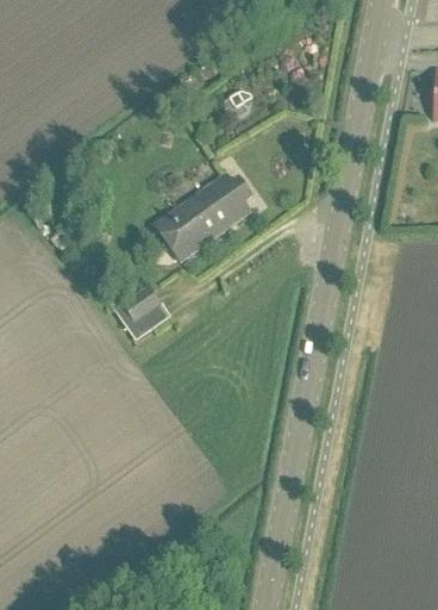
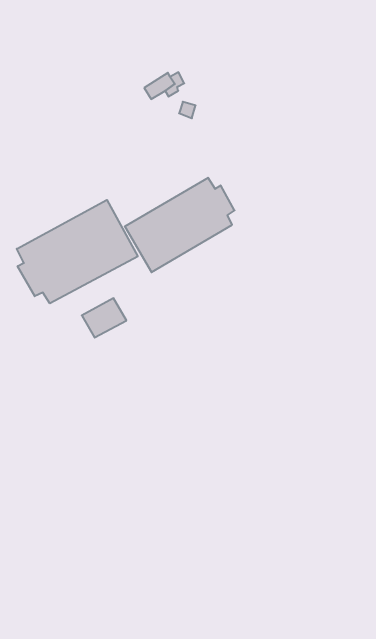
building: none -> [17,200,138,303]

